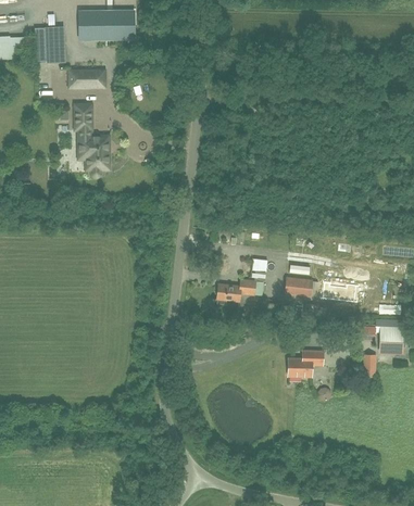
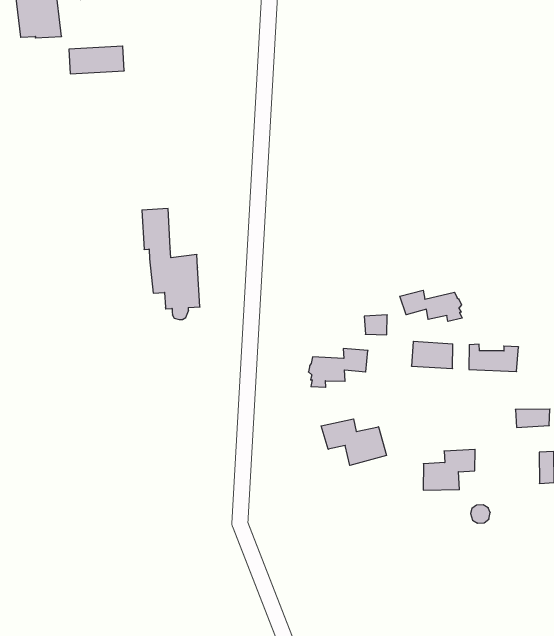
building: [74,103,109,177] -> [142,209,200,320]
building: none -> [400,290,462,321]
building: none -> [321,419,387,465]

